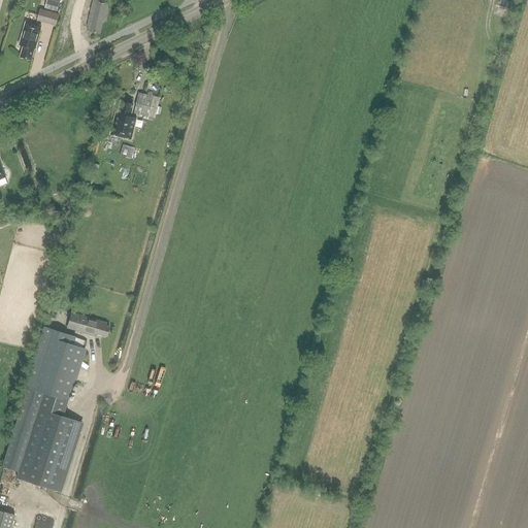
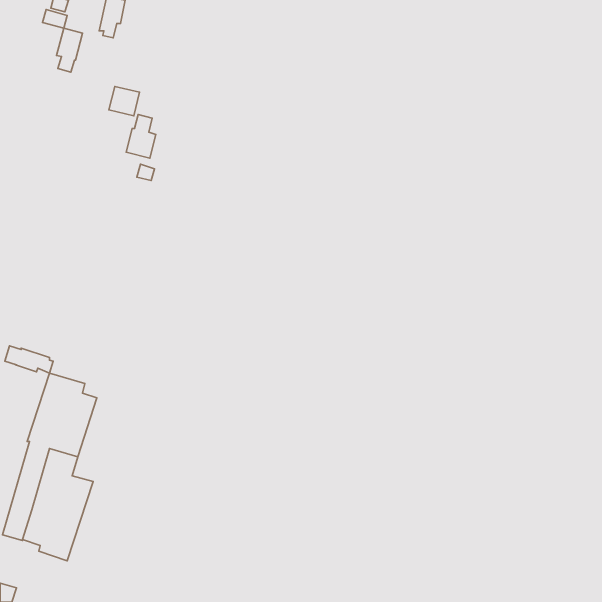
building: [20,21,42,59] -> [57,28,83,72]
building: [134,92,161,118] -> [109,86,140,116]
building: [68,312,110,336] -> [5,346,53,373]

